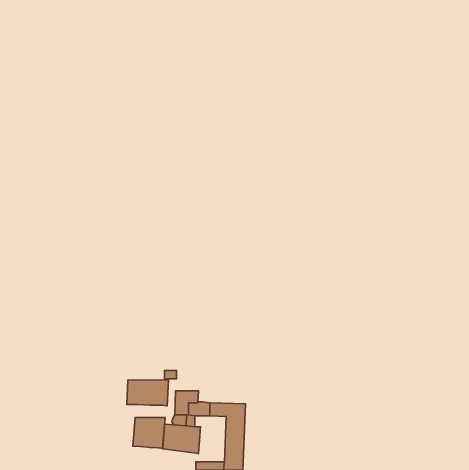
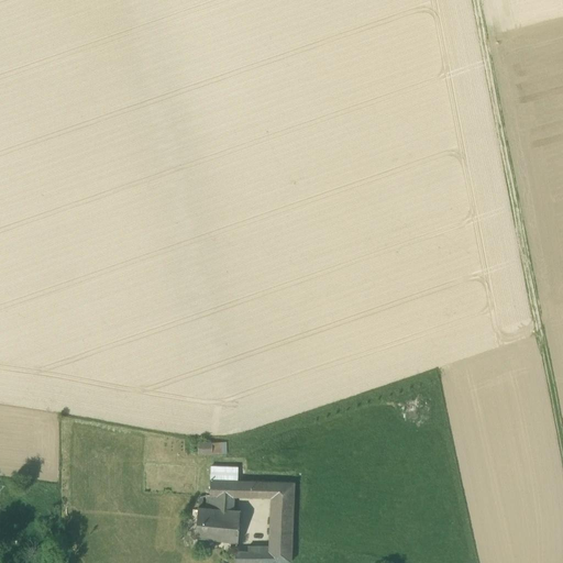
building: [127,380,169,406] -> none
building: [133,417,165,449] -> none

